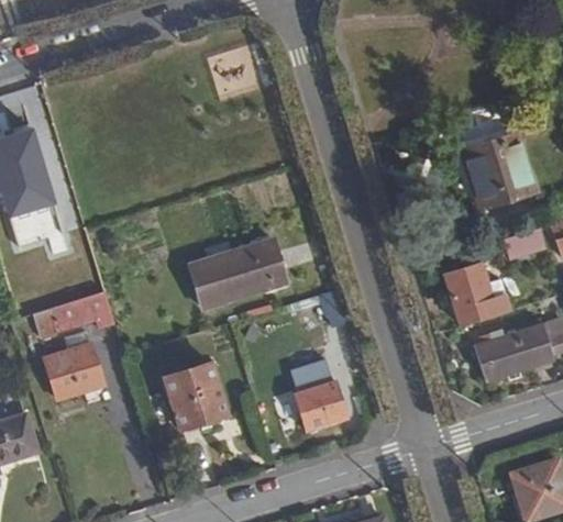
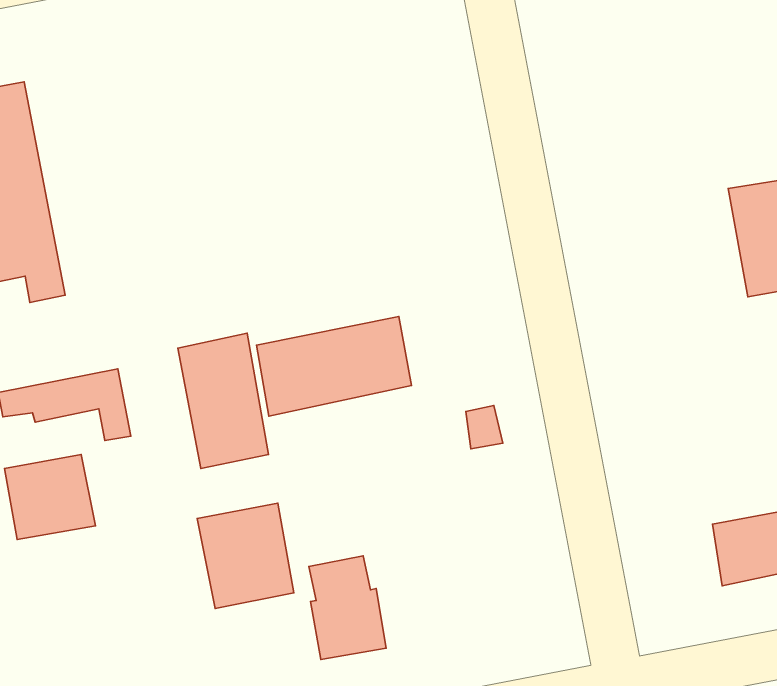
building: none -> [178,333,269,469]
building: [444,264,496,325] -> none
building: [291,364,343,429] -> [309,556,386,660]

